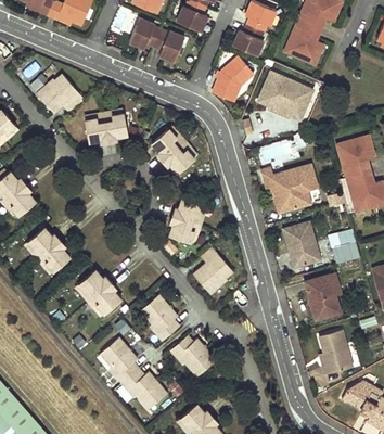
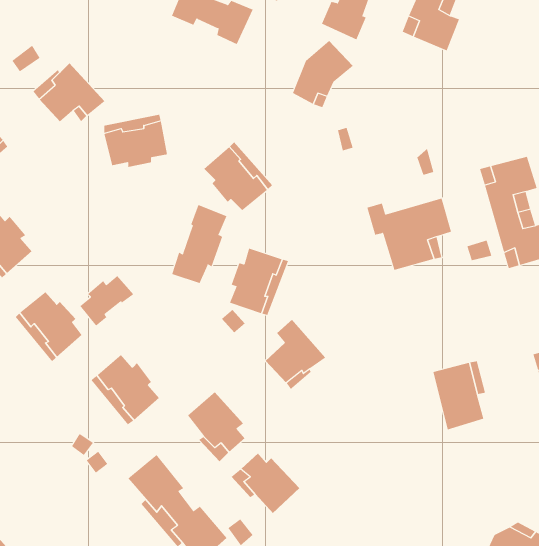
building: [254,68,316,124] -> none
building: none -> [171,204,227,284]
building: none -> [79,275,134,326]
building: [283,222,317,269] -> none
building: [327,229,359,265] -> none
building: [319,330,354,375] -> none

